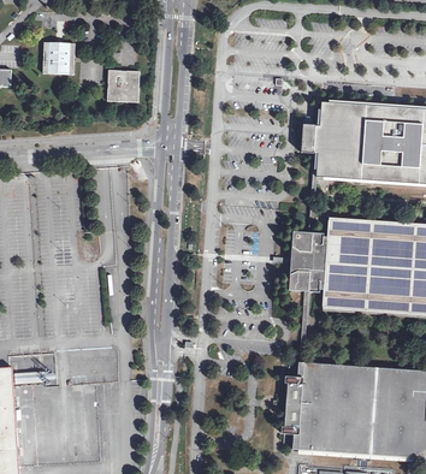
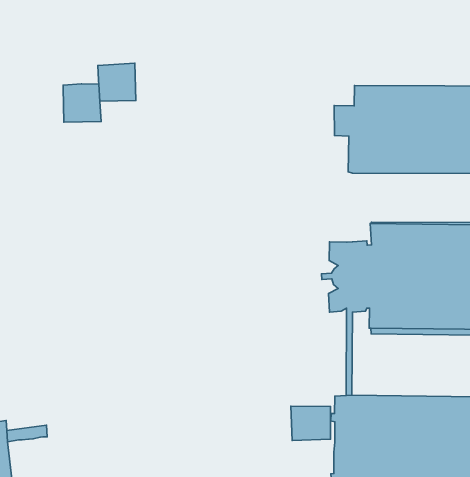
building: [42,42,73,75] -> [63,84,101,122]
building: none -> [291,406,331,440]

